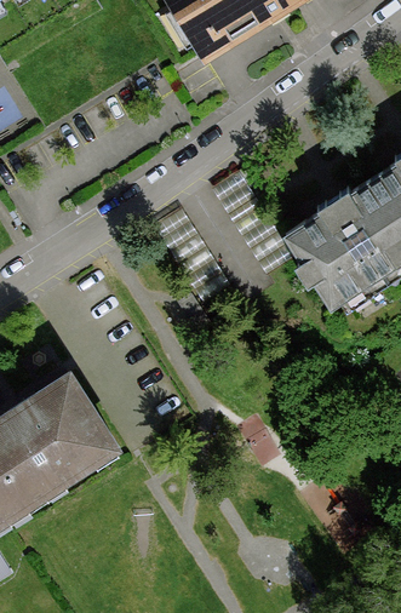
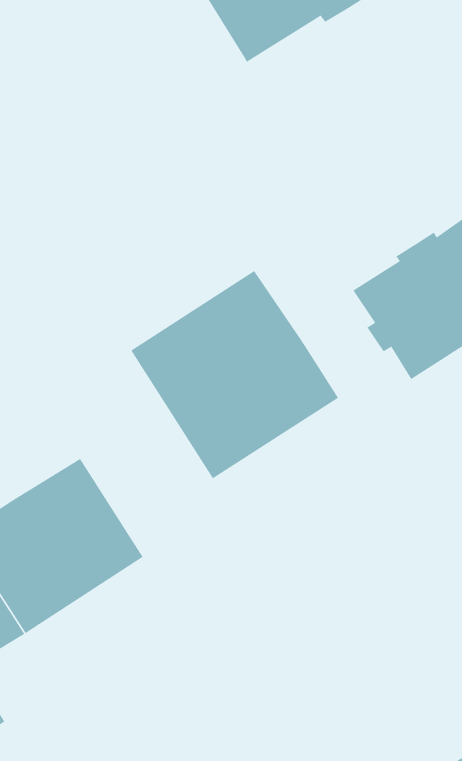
building: none -> [131,270,339,479]

